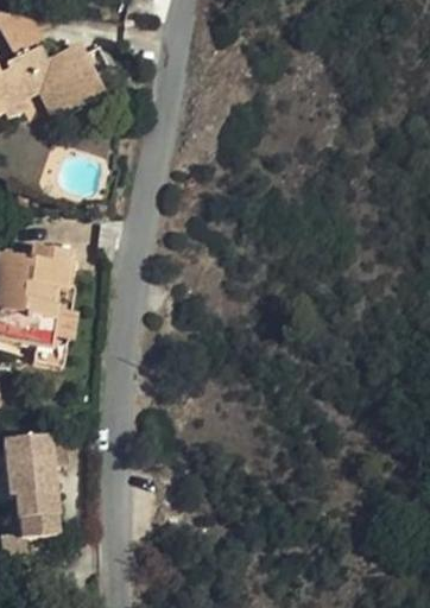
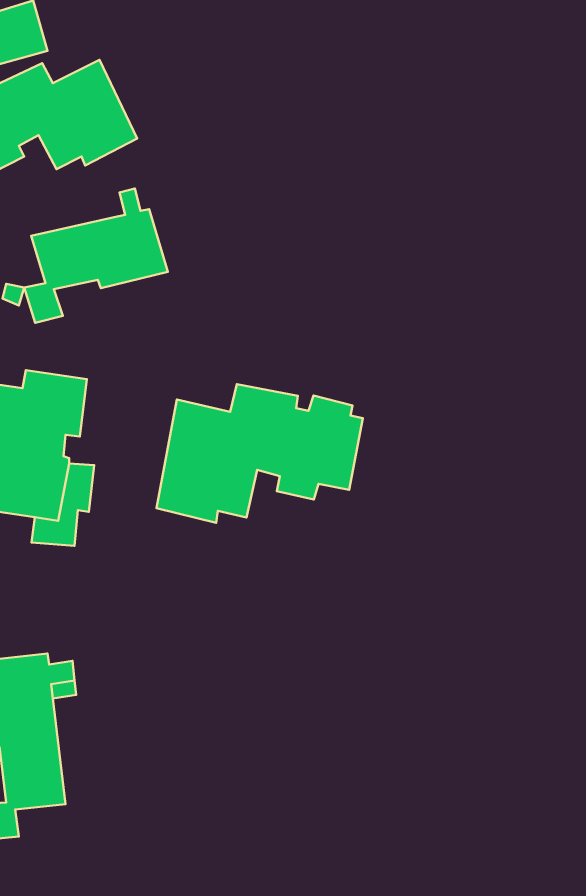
building: none -> [24,188,168,323]
building: none -> [157,384,363,523]

